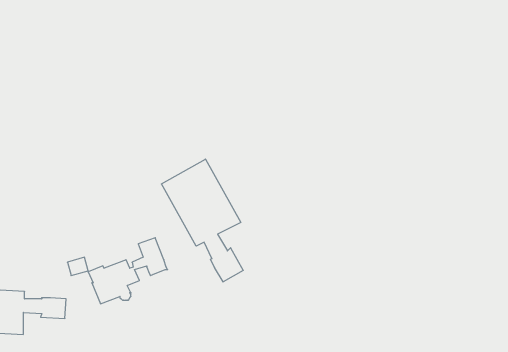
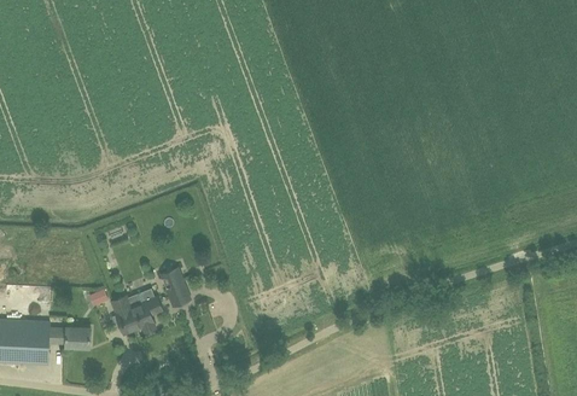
building: [161,159,243,282] -> none

